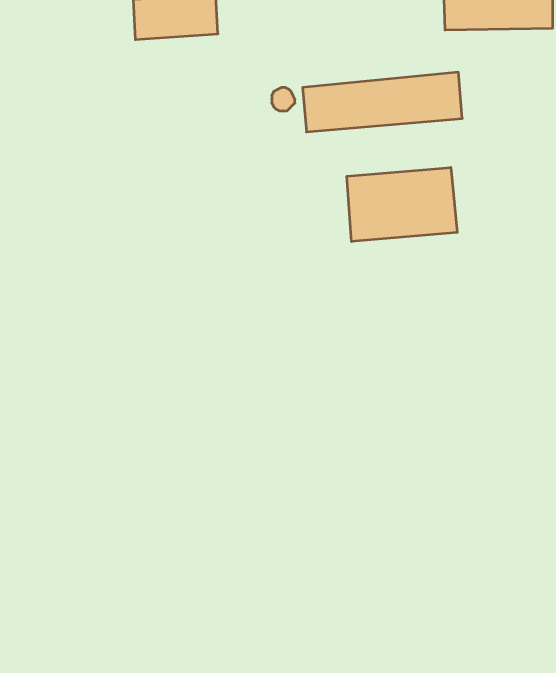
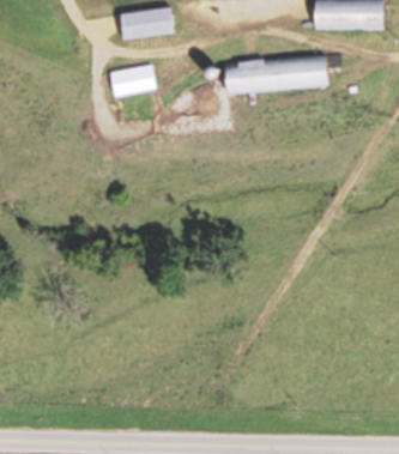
building: none -> [109,63,153,93]
building: [347,167,457,242] -> none

